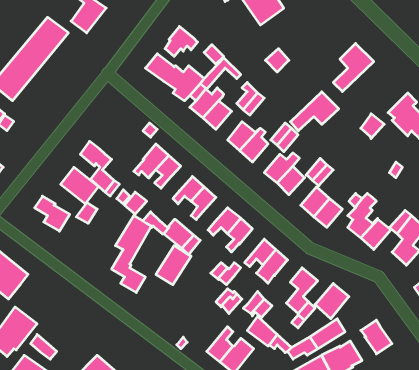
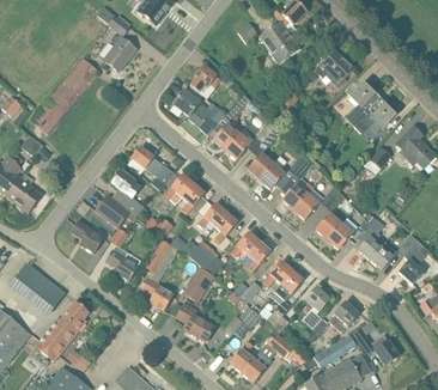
building: none -> [315,50,355,84]
building: [290,92,339,131] -> [353,97,397,133]
building: none -> [127,146,174,189]
building: none -> [107,249,141,281]
building: none -> [53,300,89,337]
building: none -> [176,300,214,341]

